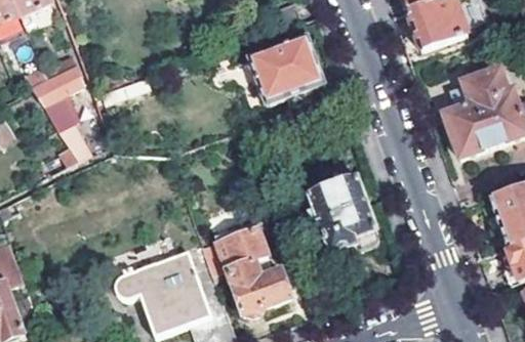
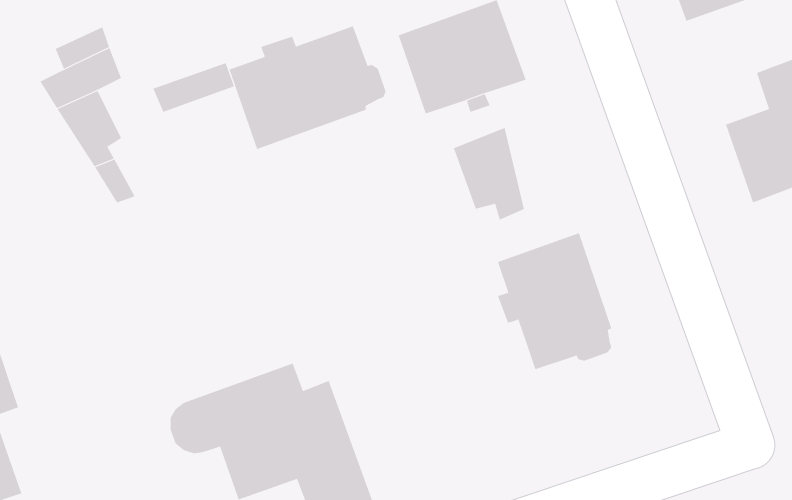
building: none -> [229,25,386,150]
building: none -> [453,127,525,221]
building: [215,223,290,313] -> none

